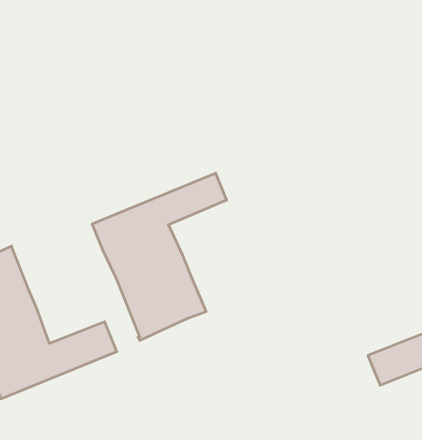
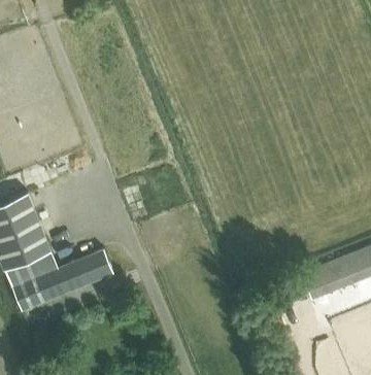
building: [92,173,227,340] -> none

